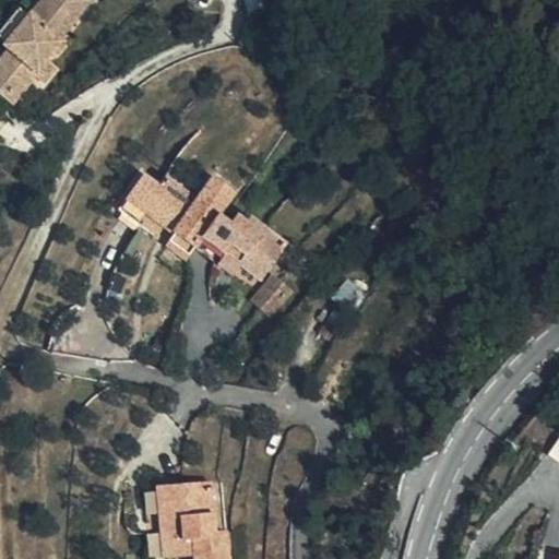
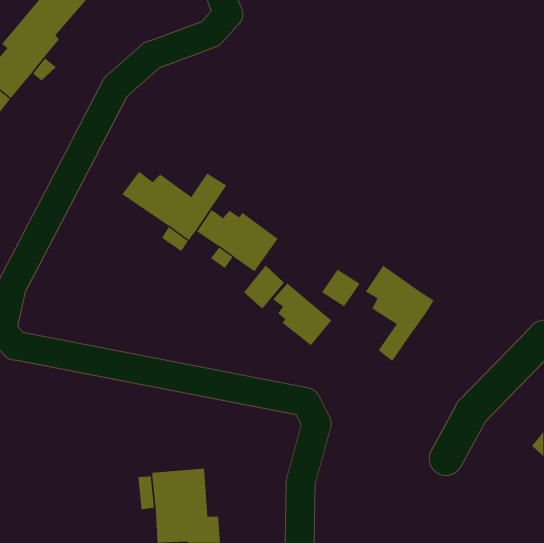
building: none -> [365,265,435,362]
building: none -> [273,282,332,346]

